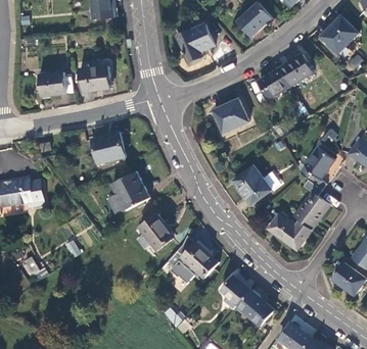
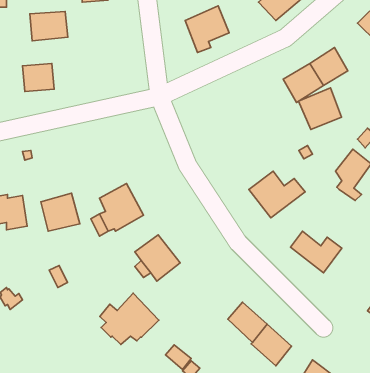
building: [82,65,113,90] -> [30,12,68,41]
building: [216,101,251,136] -> [299,88,341,129]
building: [93,131,126,162] -> [41,193,80,231]
building: [292,176,327,225] -> none
building: [166,240,215,283] -> [100,293,159,345]

